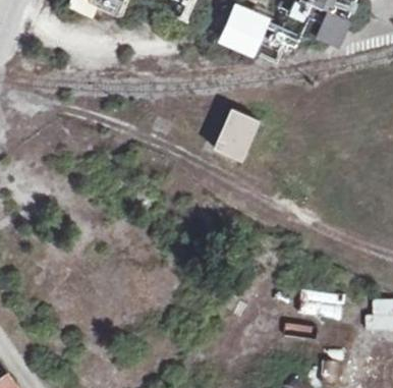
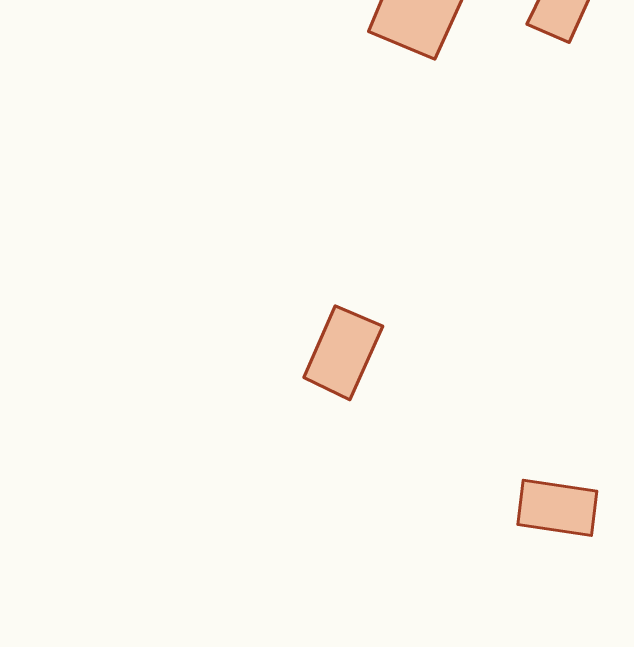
building: [211,109,255,161] -> [304,306,383,400]

